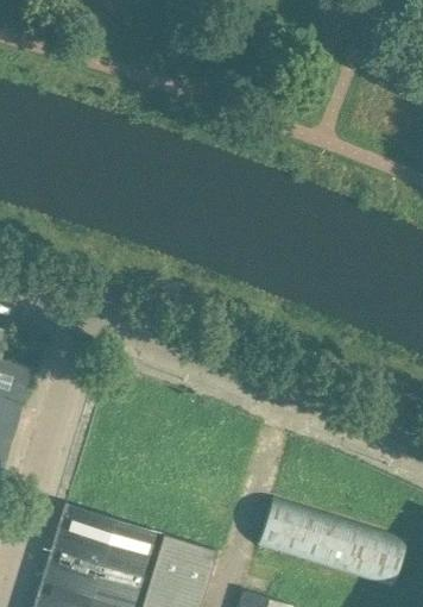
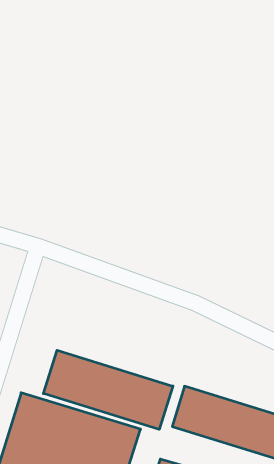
building: none -> [43,350,173,429]

